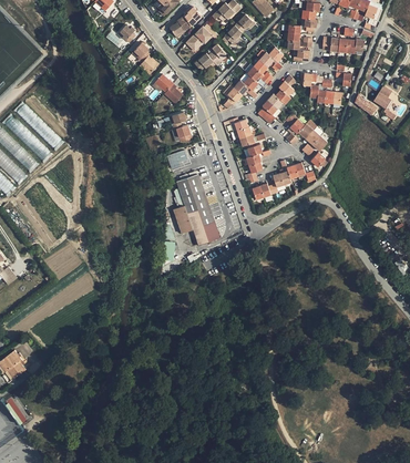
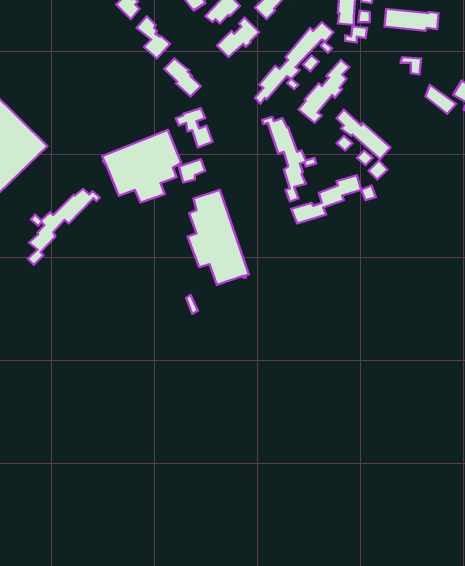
building: [299,73,341,104] -> none
building: none -> [102,130,181,202]
building: none -> [28,189,100,265]

